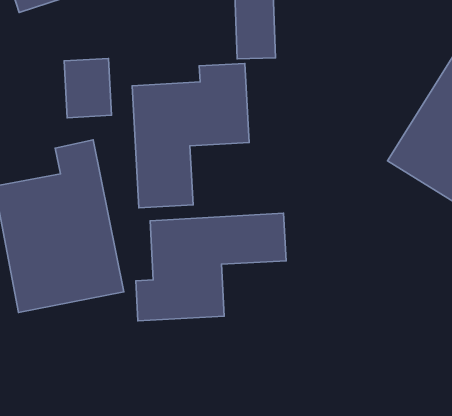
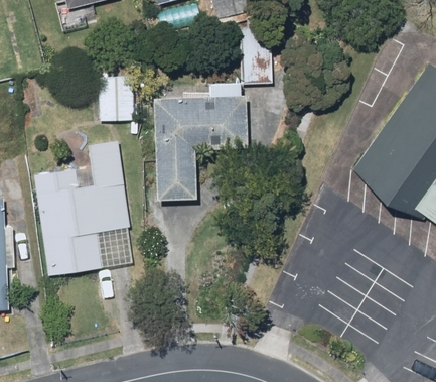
building: [136,213,286,321] -> none

